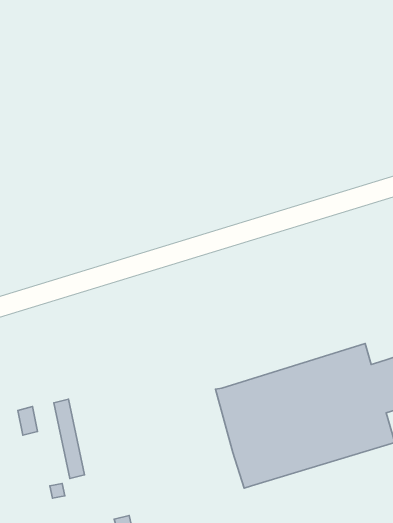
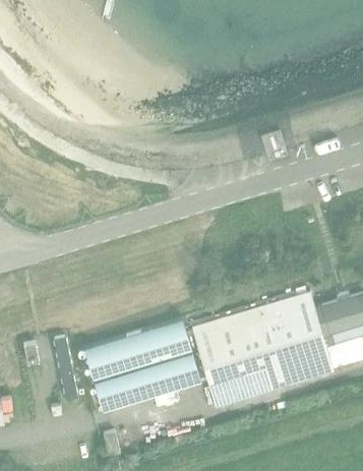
building: none -> [83,319,199,411]

